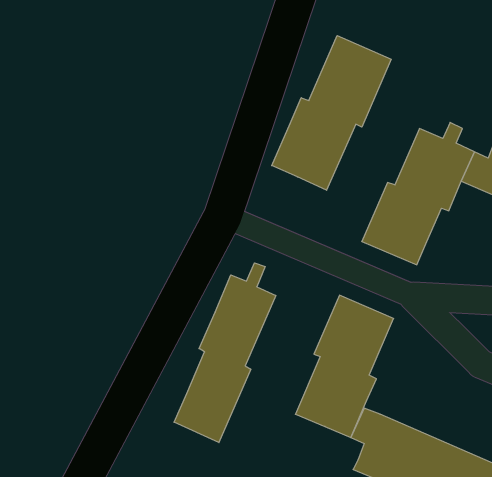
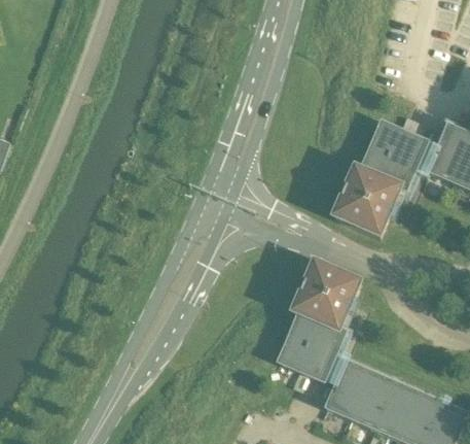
building: [272,36,391,190] -> none
building: [174,263,276,443] -> none

